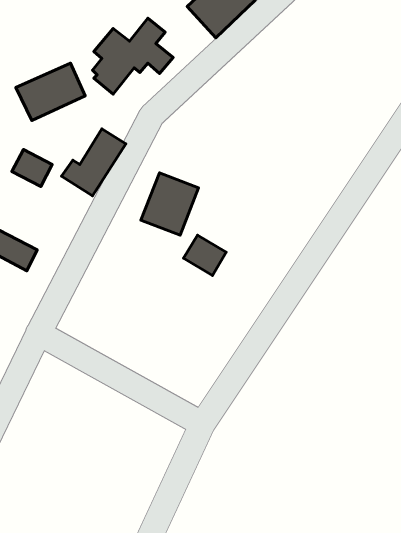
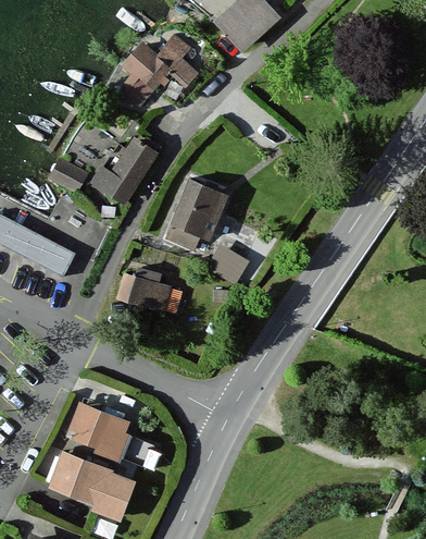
building: [16,63,85,120] -> none
building: none -> [116,272,172,311]
building: none -> [68,403,129,453]
building: none -> [49,451,133,515]

